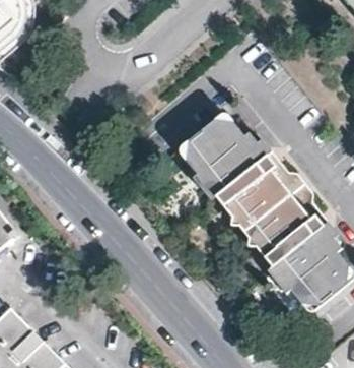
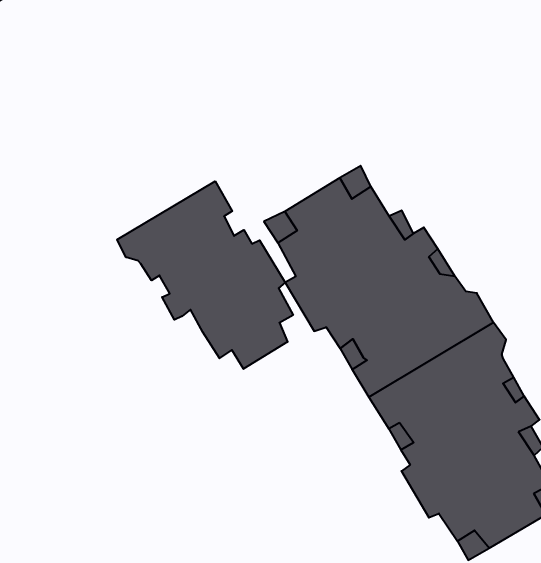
building: none -> [117,181,293,369]

